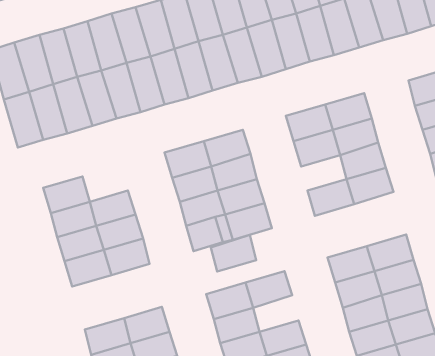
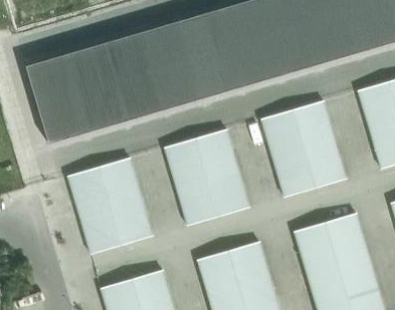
building: none -> [272,149,309,178]
building: none -> [98,158,135,187]
building: [211,235,256,271] -> [234,261,270,290]

